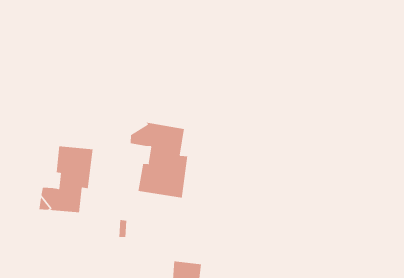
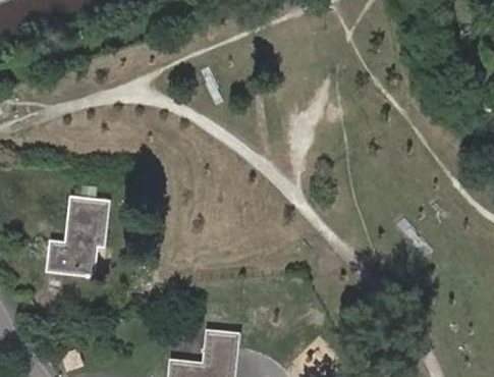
building: [130,122,188,199] -> none

